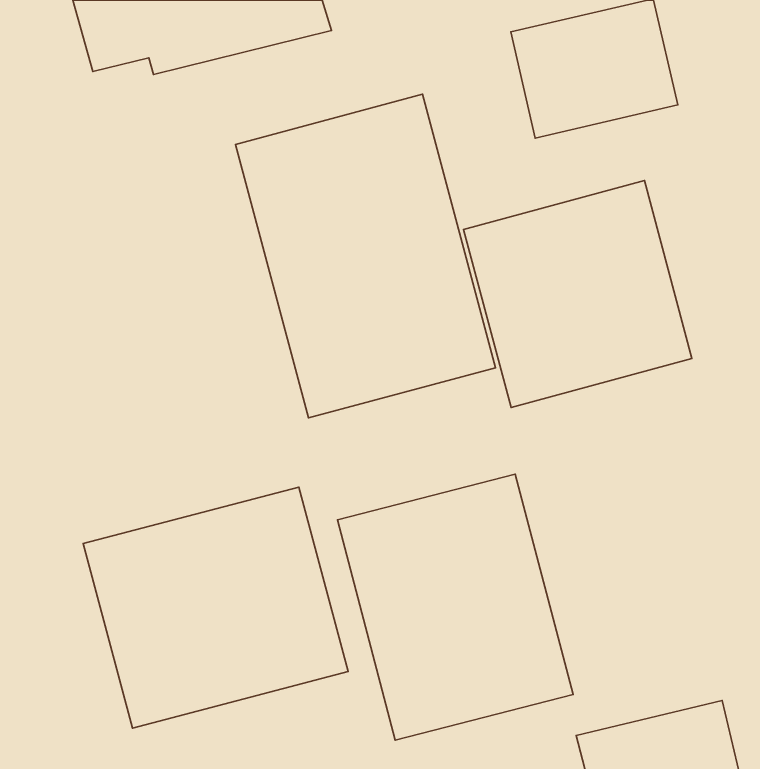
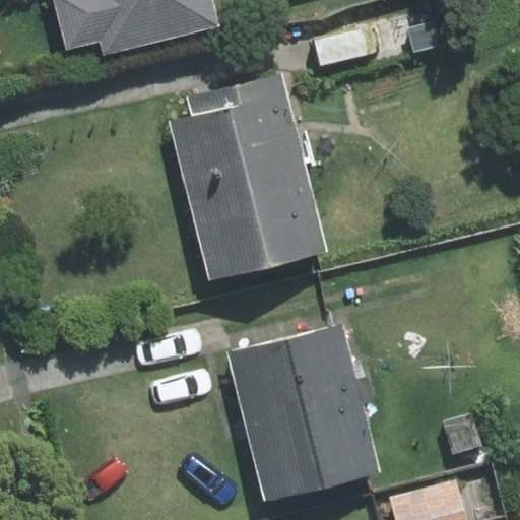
building: [464,181,692,407] -> none
building: [83,487,348,728] -> none

